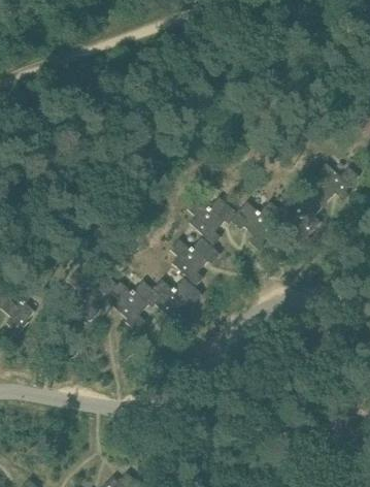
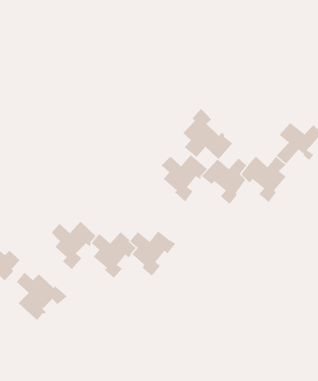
building: none -> [183,108,233,160]
building: [169,237,220,288] -> none
building: none -> [16,272,67,321]

